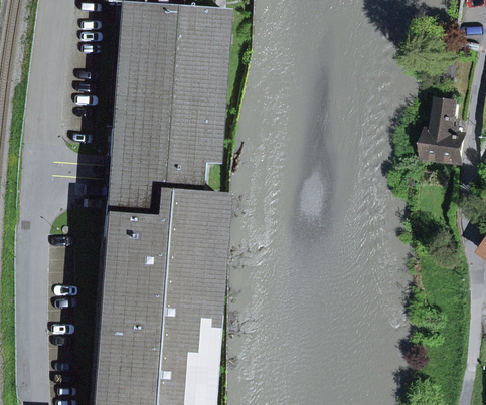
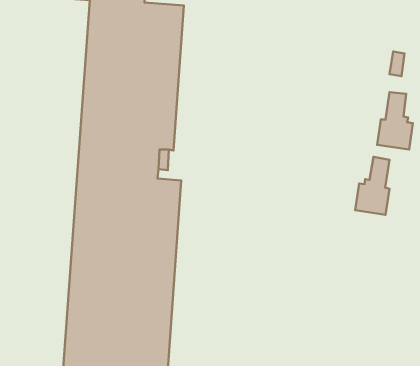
building: none -> [355,157,389,215]

